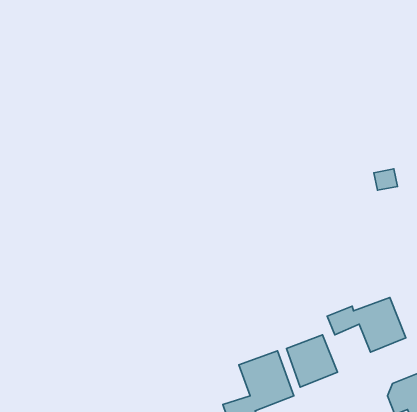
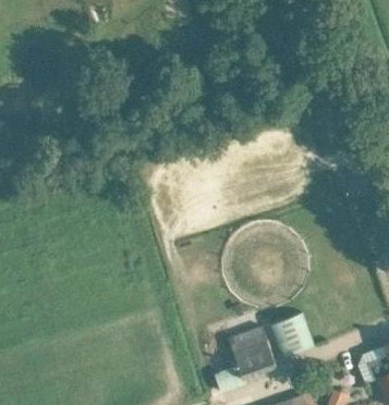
building: [327,297,406,352] -> none

